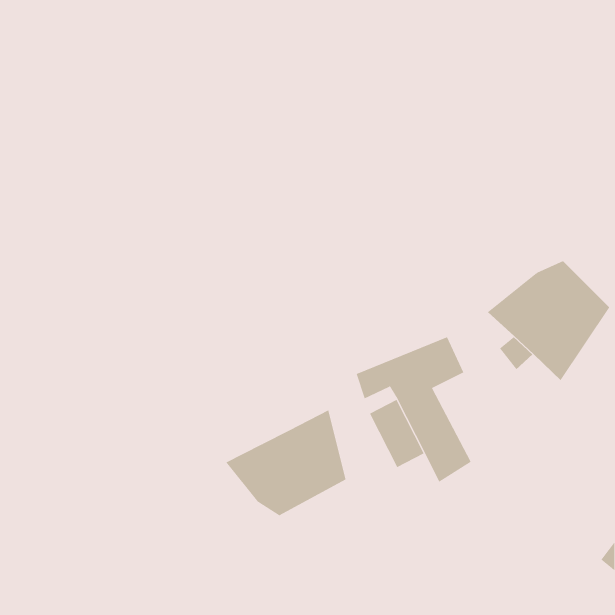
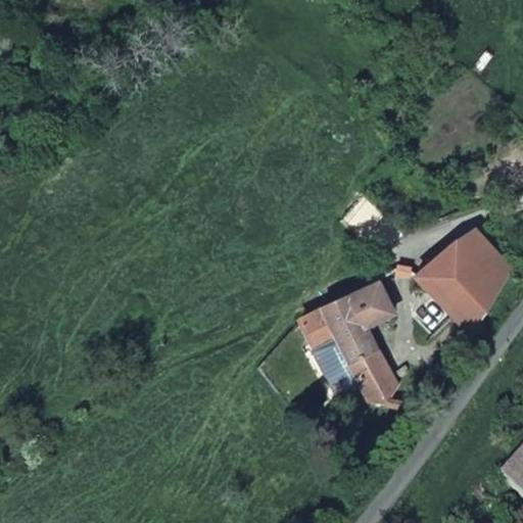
building: [225,409,346,516] -> none

